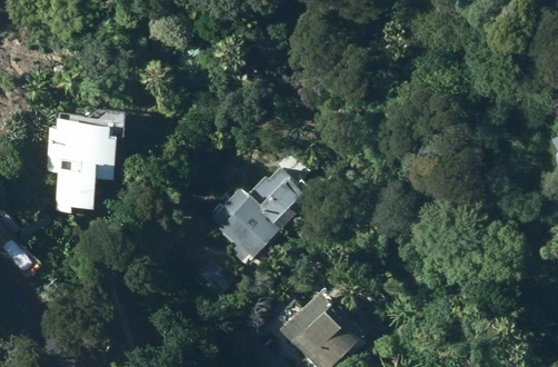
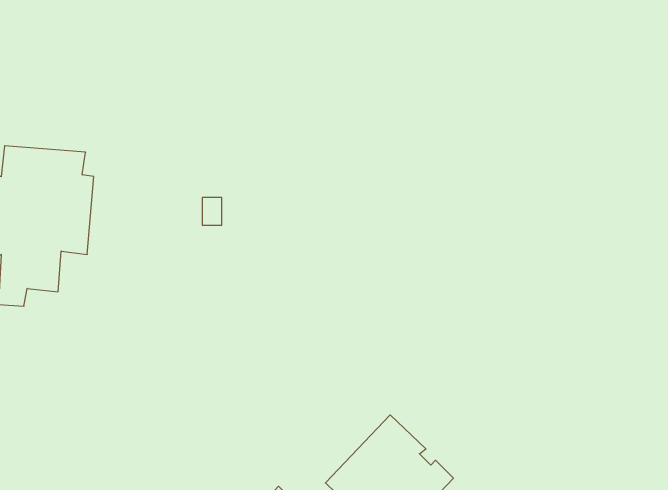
building: [202,167,310,267] -> none

